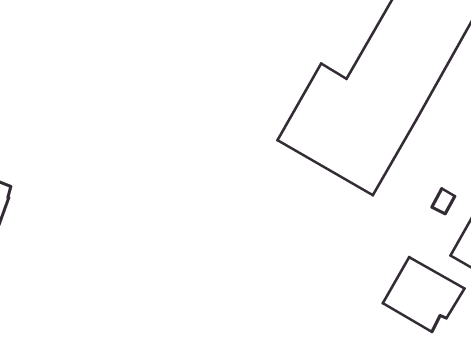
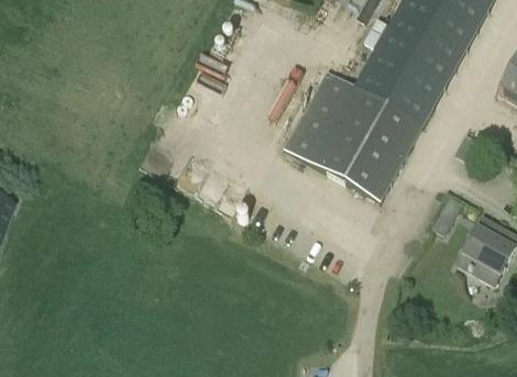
building: [383,257,464,332] -> none

